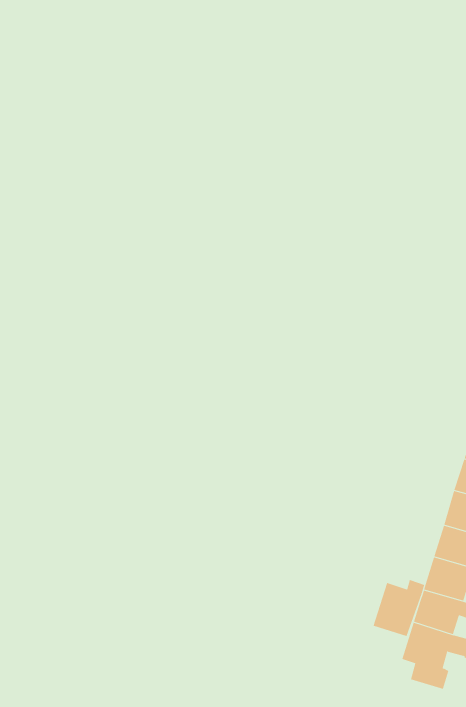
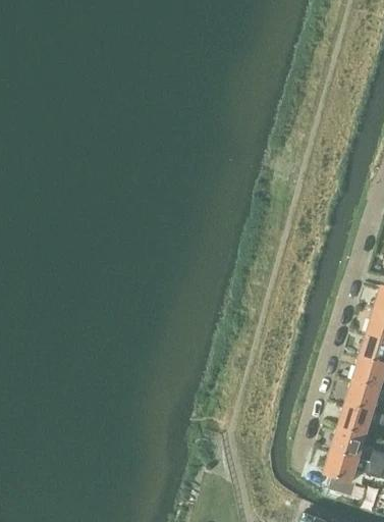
building: [373,579,425,637] -> none

